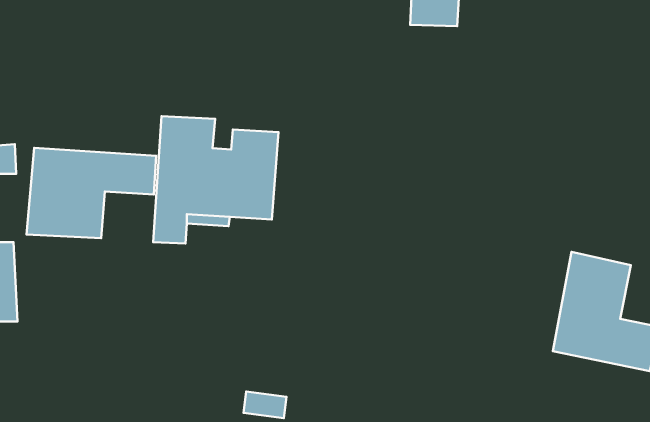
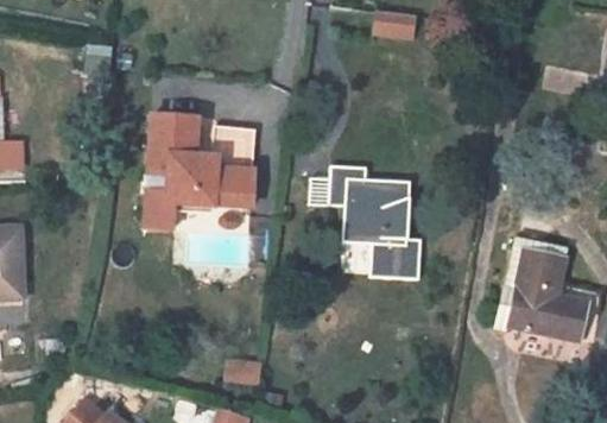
building: [26,148,156,238] -> none
building: none -> [329,166,422,280]

